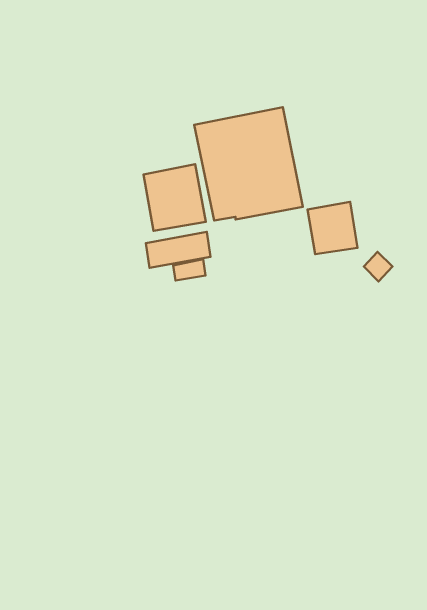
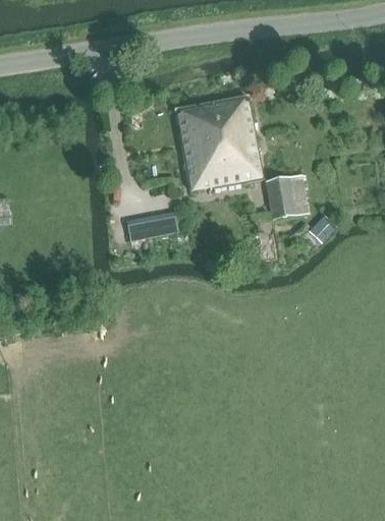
building: [143,164,206,231] -> none

